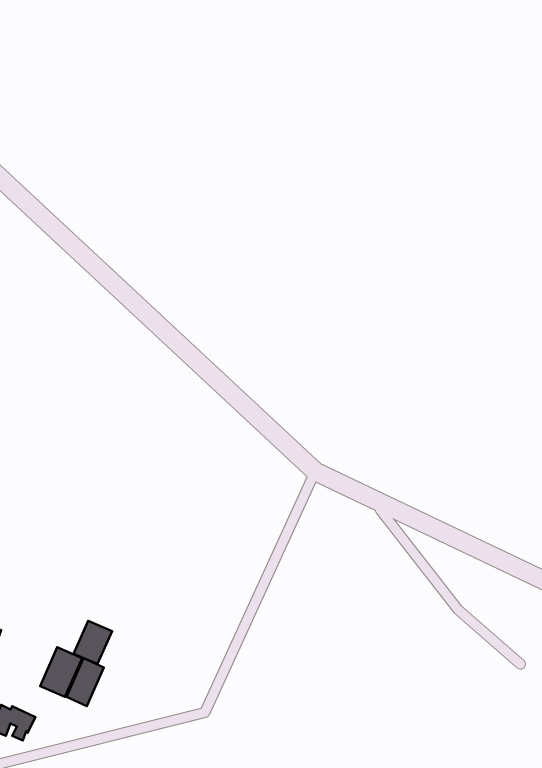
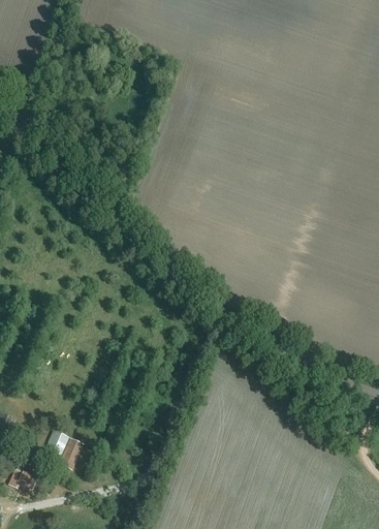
building: [74,621,112,664] -> none

